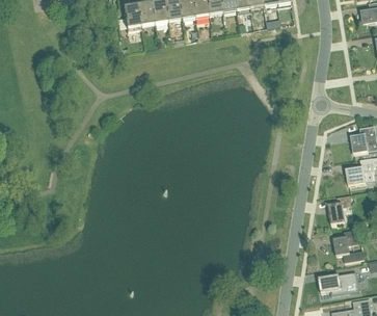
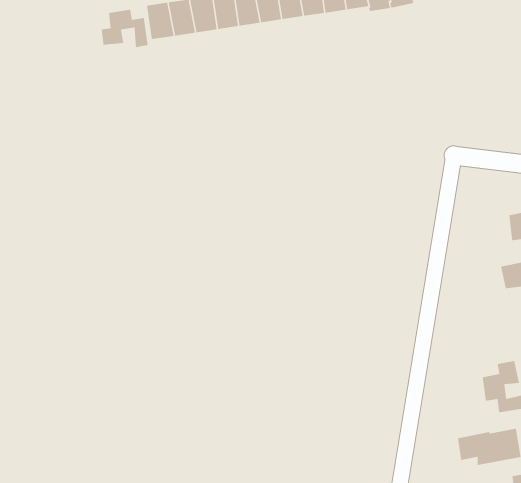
building: none -> [101,9,149,48]
building: [327,194,351,225] -> none

